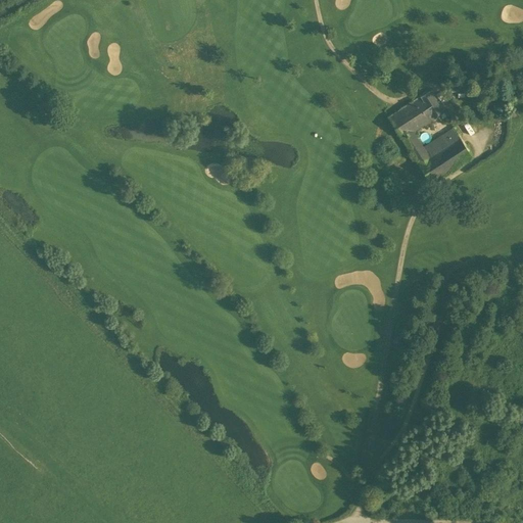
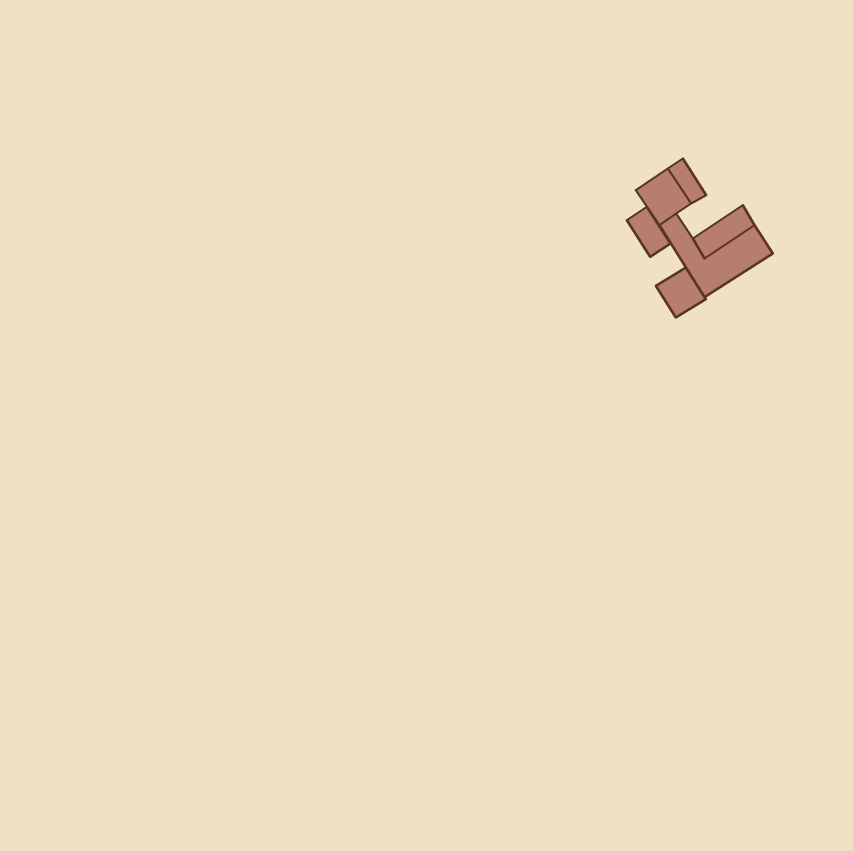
building: [418,89,444,120] -> [627,207,670,257]
building: none -> [656,267,706,317]

